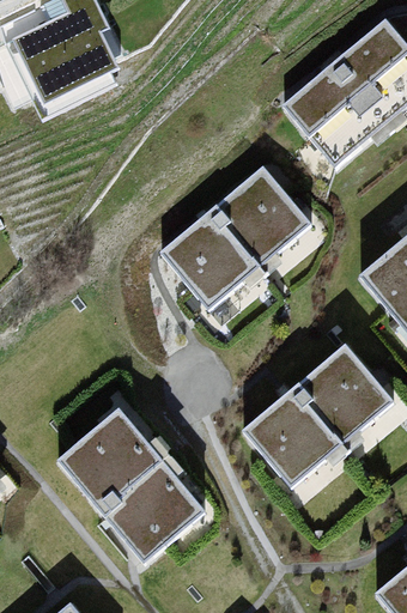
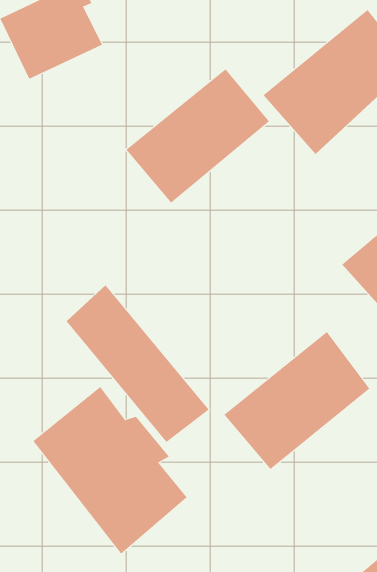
building: [162,171,306,306] -> [125,69,270,203]
building: none -> [66,285,210,443]

